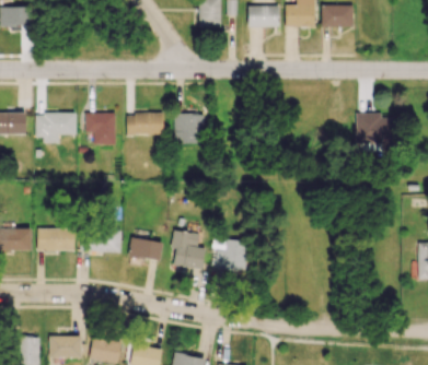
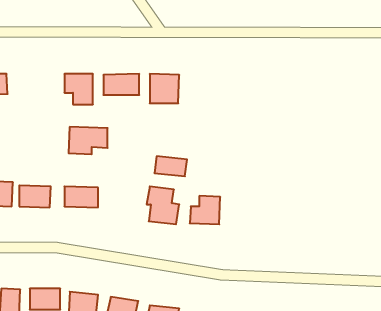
building: [36,113,77,141] -> [69,127,108,154]
building: [356,113,397,144] -> none
building: [129,238,163,259] -> [154,156,187,176]

